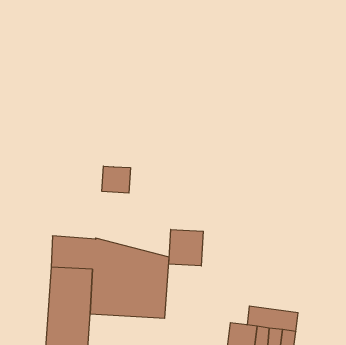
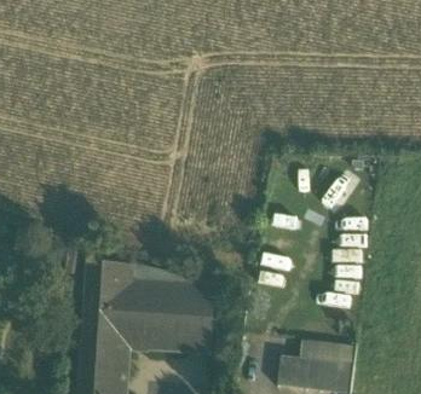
building: [102,166,130,193] -> none
building: [169,229,203,266] -> none

